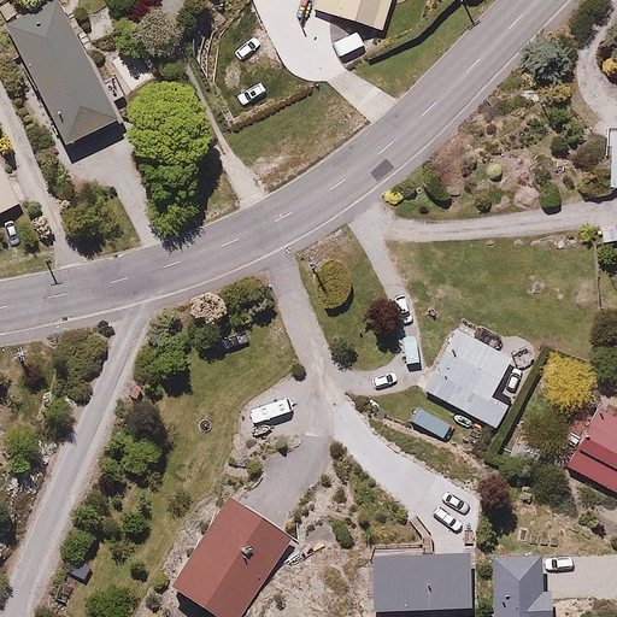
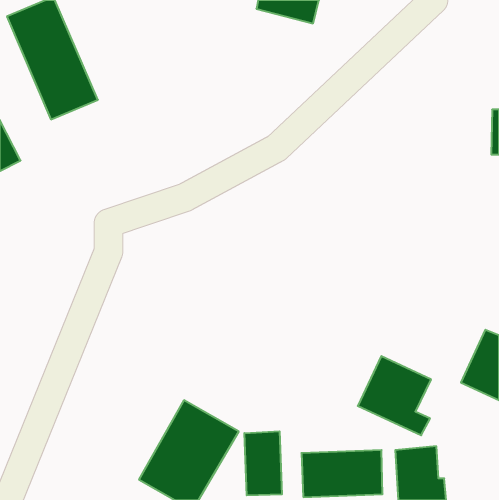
building: [421,328,511,425] -> [358,356,431,435]
building: none -> [244,431,282,495]

